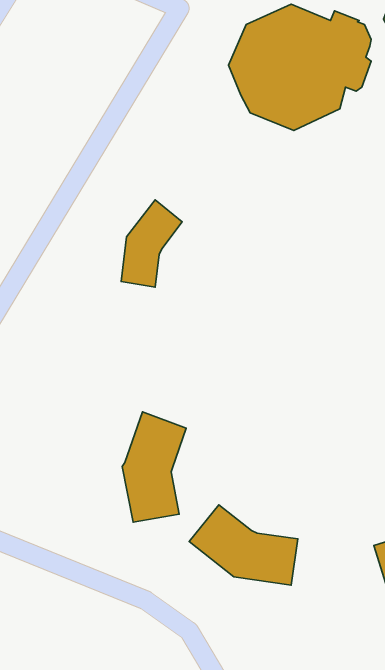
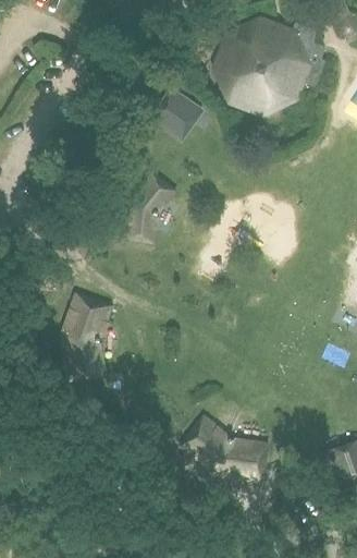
building: none -> [152,88,202,138]
building: [122,412,186,522] -> [60,292,111,380]

